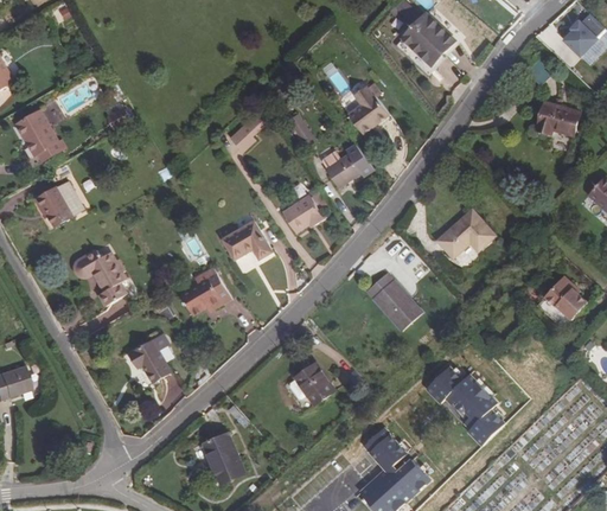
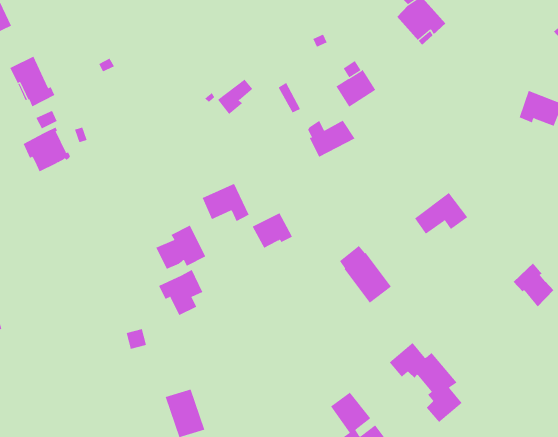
building: [281,194,324,232] -> [252,212,293,248]
building: [74,249,126,306] -> none
building: [129,333,175,382] -> [158,269,203,316]
building: [289,363,334,405] -> none

